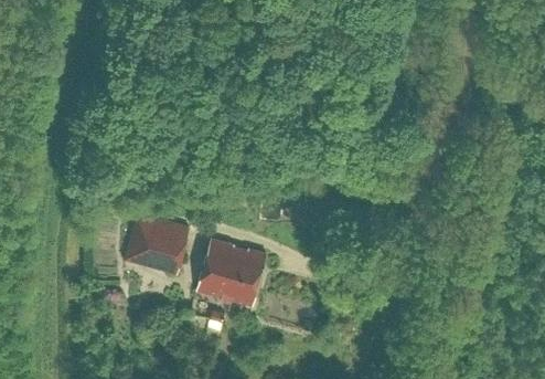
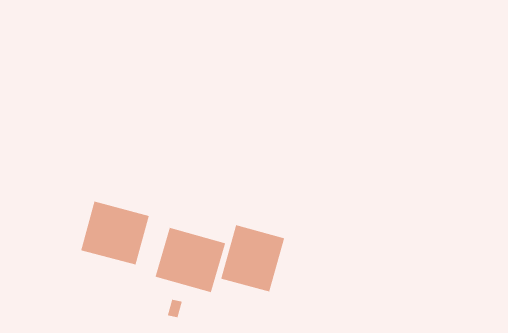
building: none -> [220,224,285,293]

